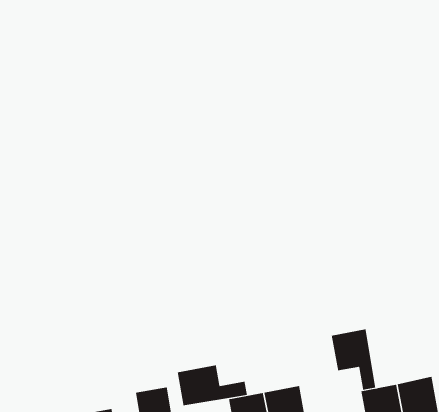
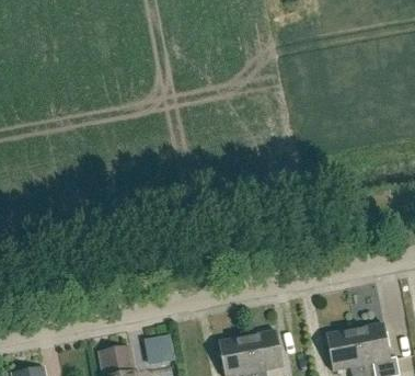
building: [331,329,376,390] -> none
building: [177,364,247,406] -> none

